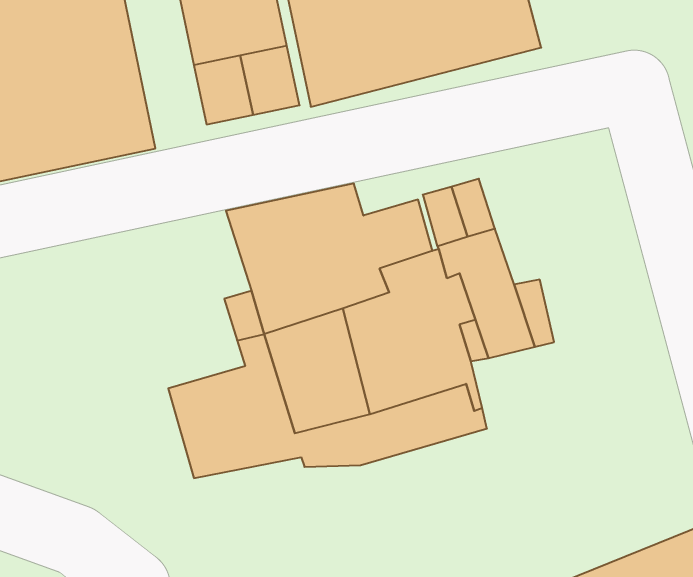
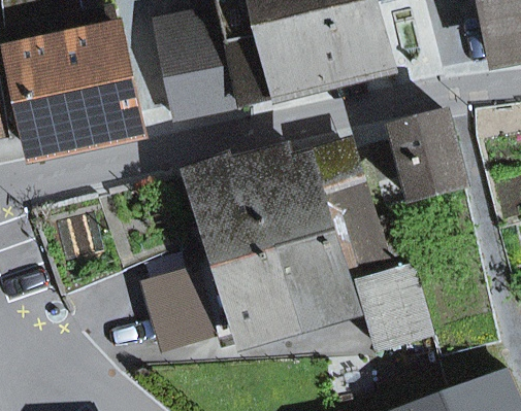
building: none -> [392,112,465,200]
building: none -> [360,268,429,348]

